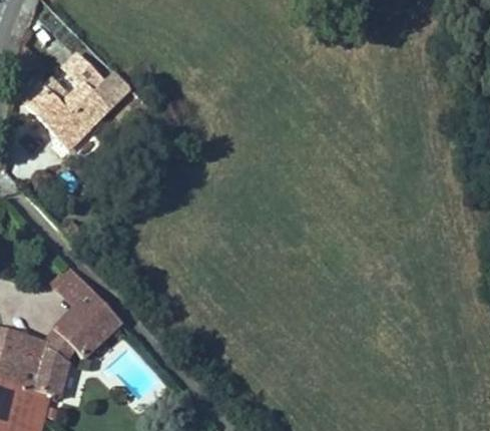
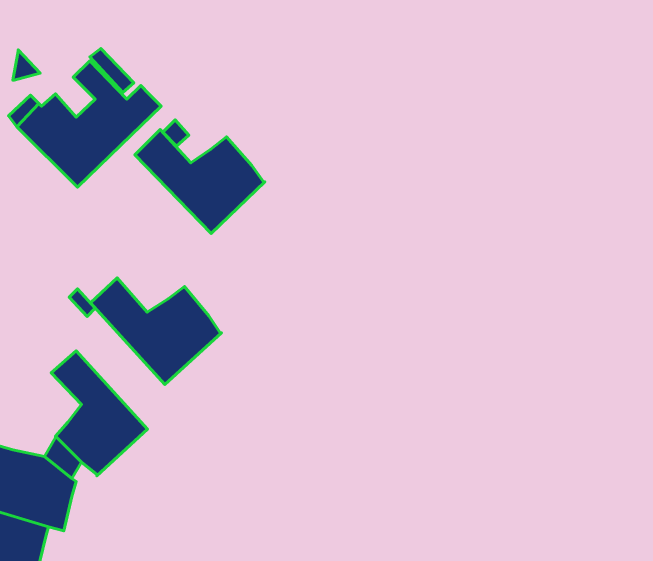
building: none -> [135,130,265,234]
building: none -> [90,278,222,384]

